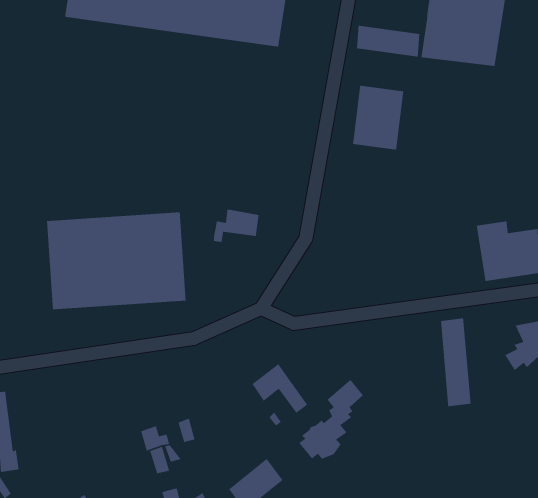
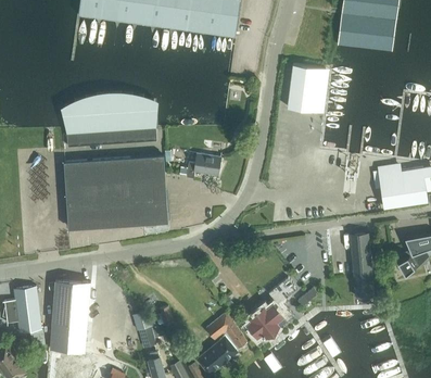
building: [356,25,420,57] -> none
building: none -> [64,93,156,147]
building: [252,363,308,414] -> [206,313,248,350]
building: none -> [49,281,90,355]

